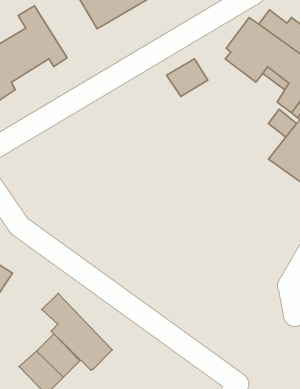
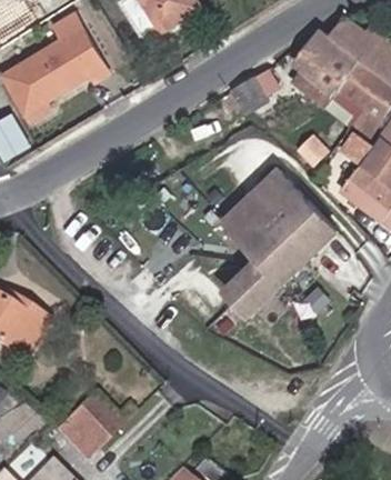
building: none -> [219,168,334,314]
building: [42,294,112,370] -> none

